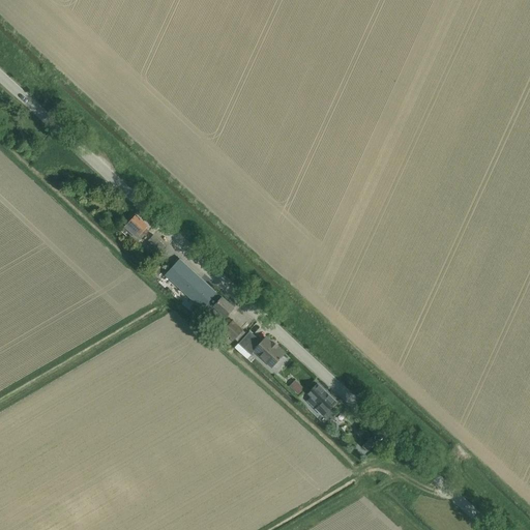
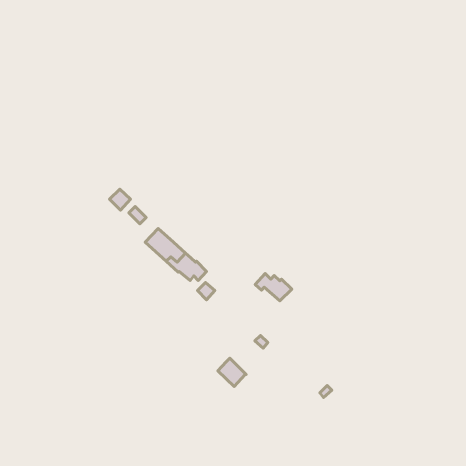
building: [243,335,285,366] -> [255,274,292,301]
building: [303,383,335,415] -> [218,358,246,386]

